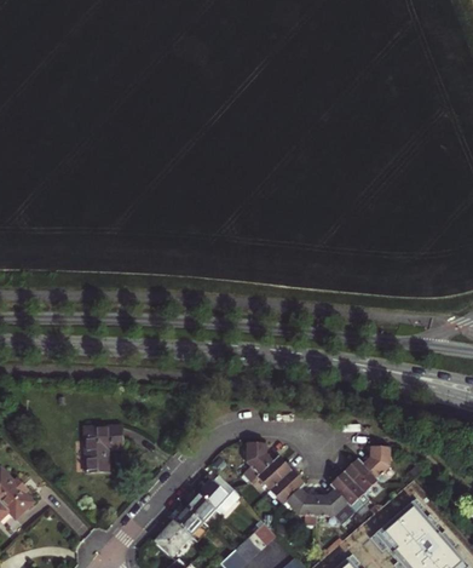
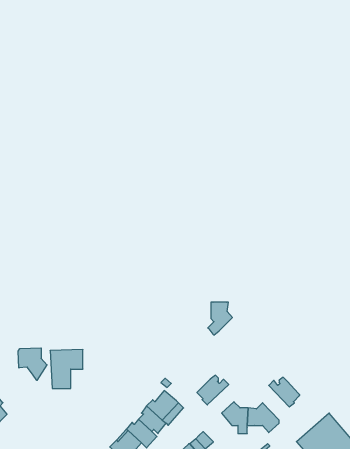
building: none -> [18,348,47,380]
building: [243,443,272,482] -> [208,302,232,335]
building: [363,447,390,478] -> none
building: [269,467,304,504] -> none
building: [329,469,369,511] -> none

